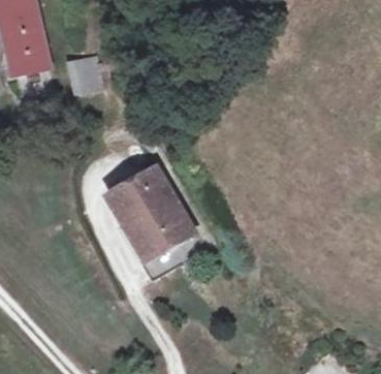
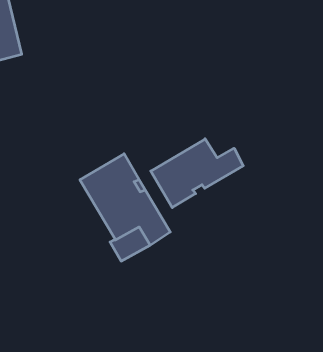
building: [68,53,101,89] -> none
building: none -> [151,139,243,208]

